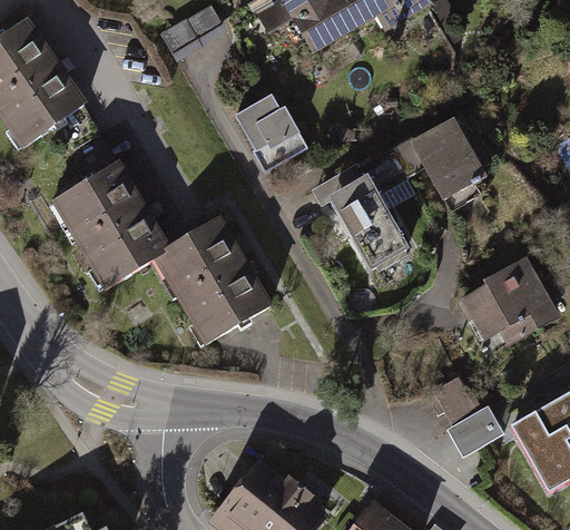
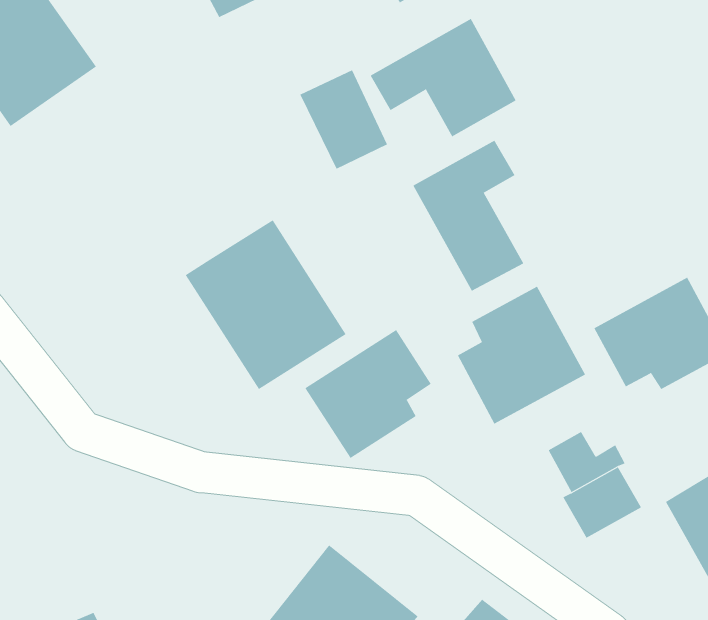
building: [386,111,498,202] -> [370,18,517,137]
building: [47,159,170,288] -> none
building: none -> [457,286,586,424]
building: none -> [304,329,432,459]

